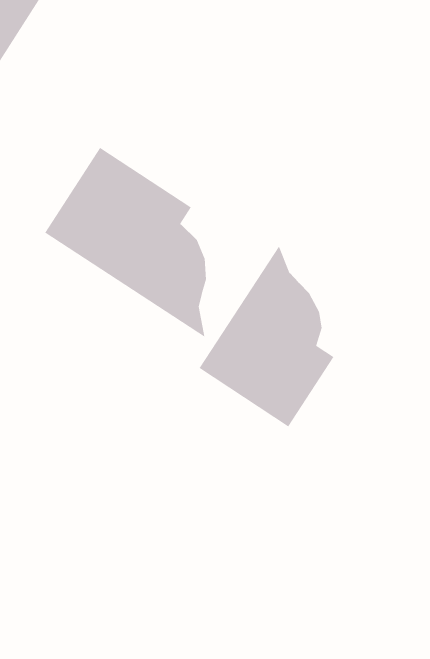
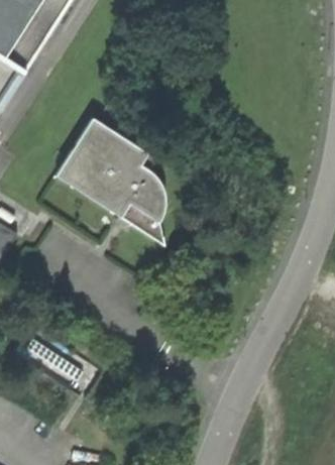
building: [199,245,334,427] -> none

